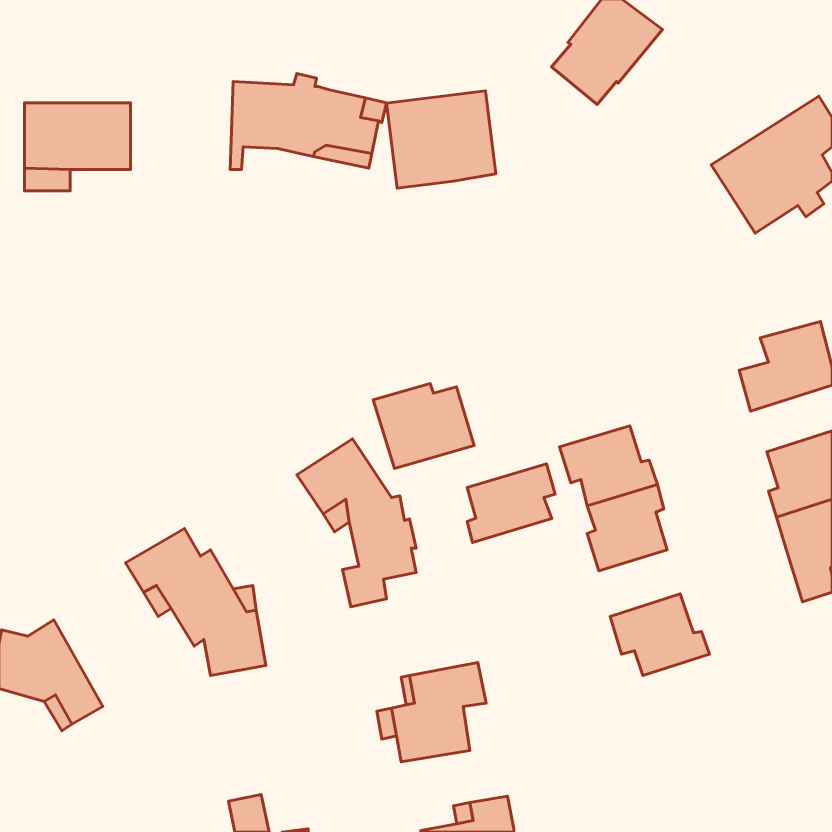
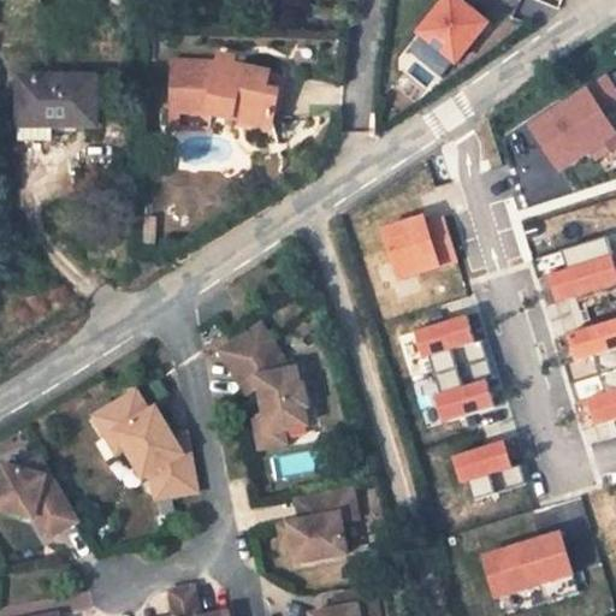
building: [386,91,496,188] -> none
building: [373,384,474,468] -> [380,215,455,278]
building: [467,464,555,543] -> none
building: none -> [476,528,573,599]

